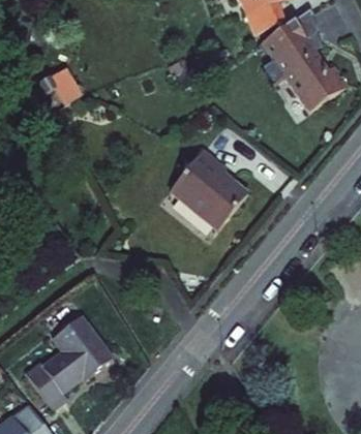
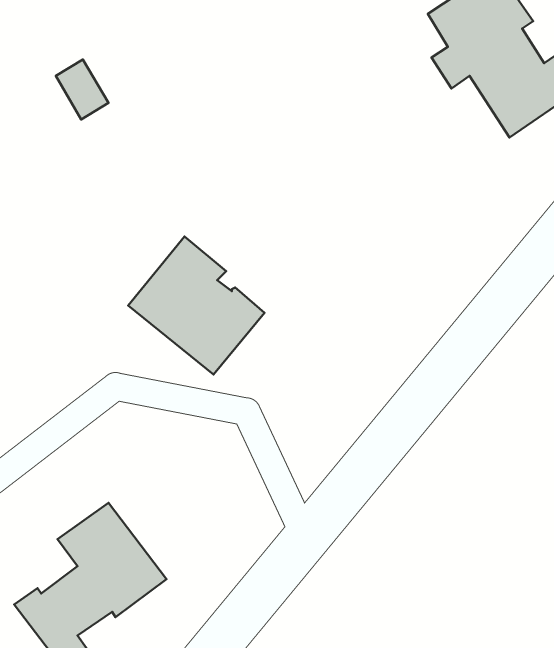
building: [168,151,245,229] -> [128,237,264,375]

